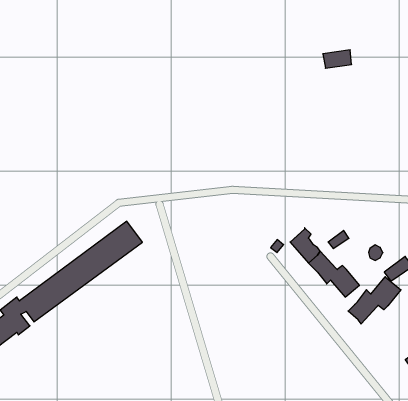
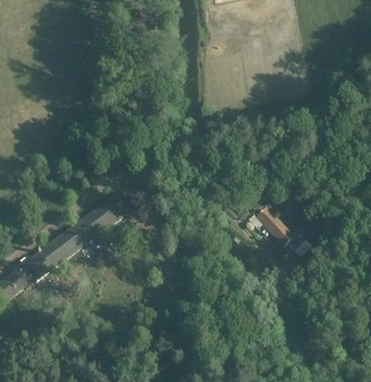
building: [348,277,401,324] -> none

